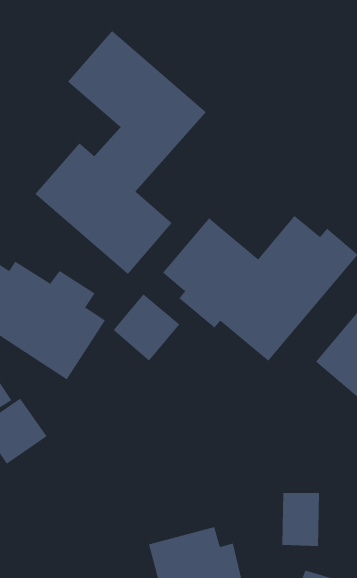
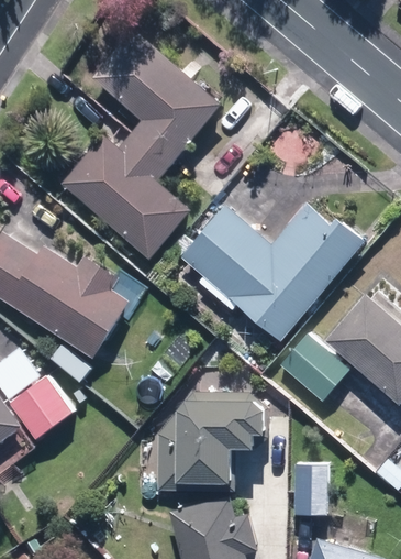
building: [113,294,180,361] -> none
building: none -> [279,333,348,402]
building: none -> [145,392,265,492]

